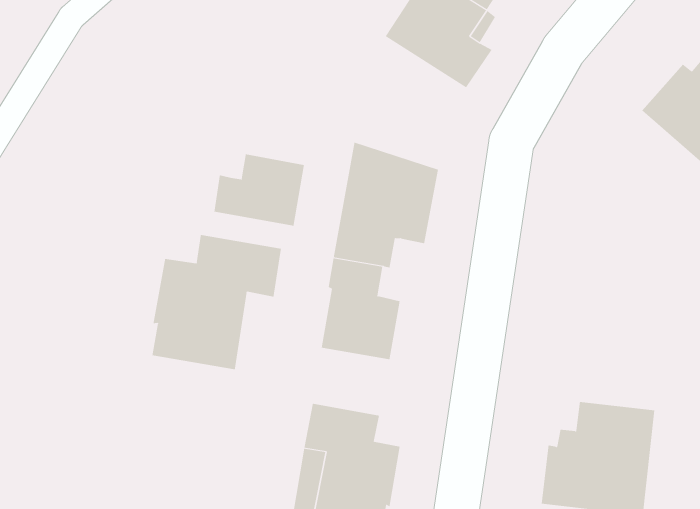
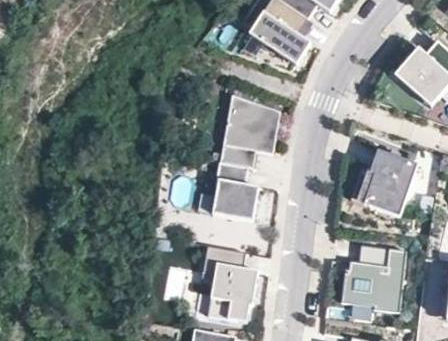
building: [214,153,304,227] -> none
building: [152,234,282,370] -> none
building: none -> [351,151,418,216]

